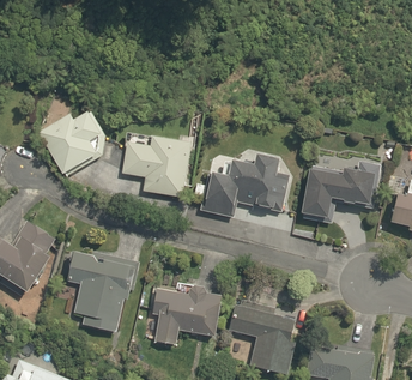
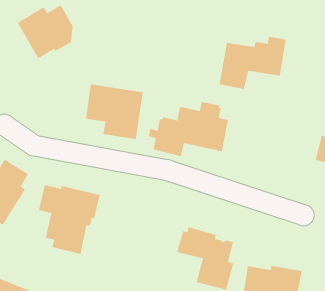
building: [38,110,104,174] -> [17,4,74,59]
building: [301,162,380,224] -> [219,36,287,90]
building: [152,282,220,344] -> none

